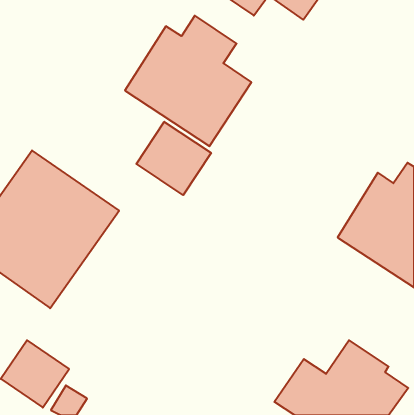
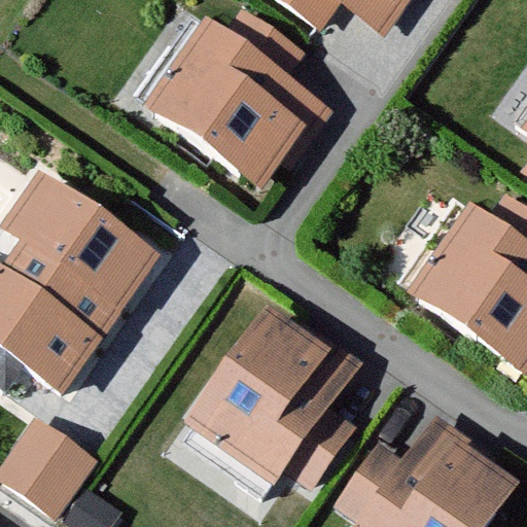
building: [136,122,211,195] -> none
building: none -> [199,319,355,480]

